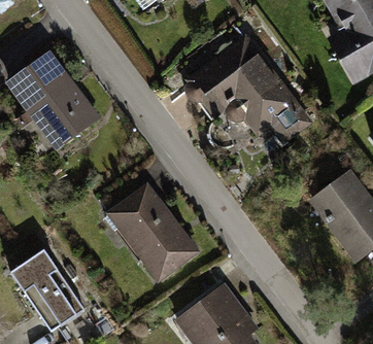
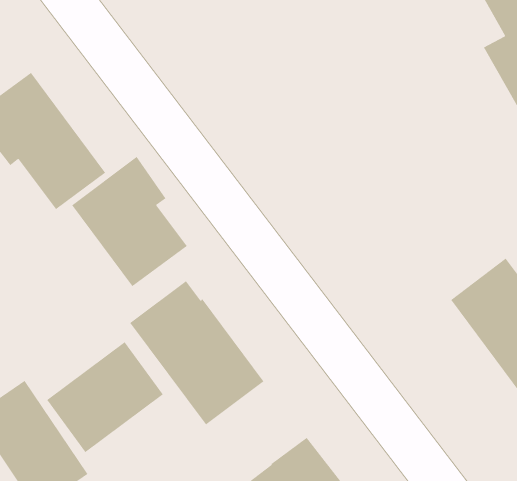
building: [188,38,306,139] -> none
building: none -> [71,156,188,287]
building: none -> [46,341,164,453]

